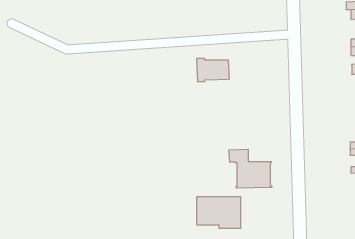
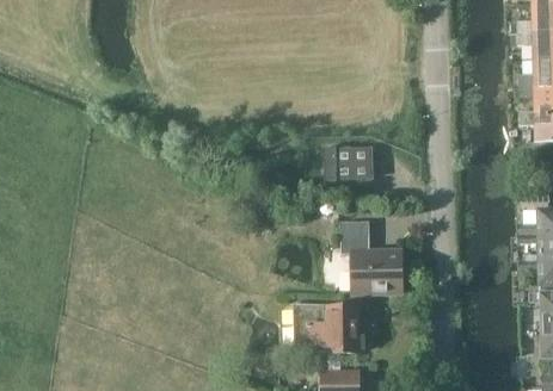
building: [197,59,229,82] -> [326,148,374,181]

